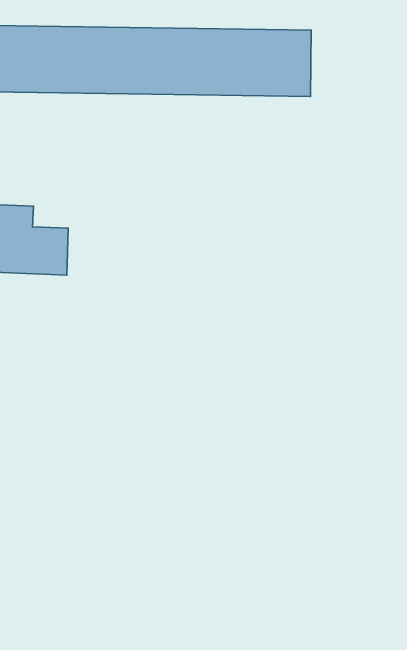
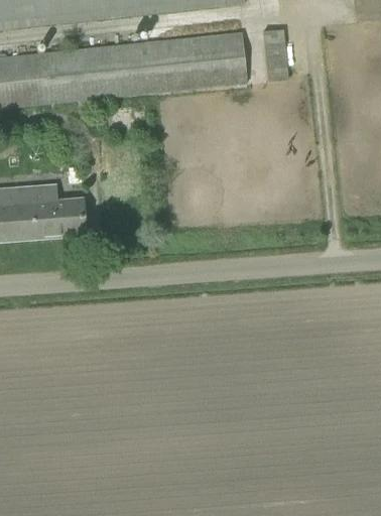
building: none -> [262,24,286,77]

